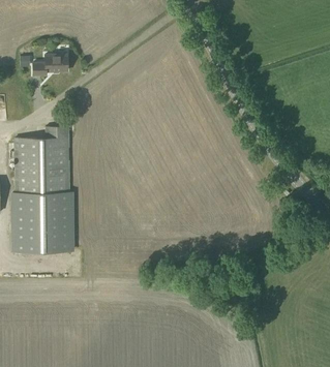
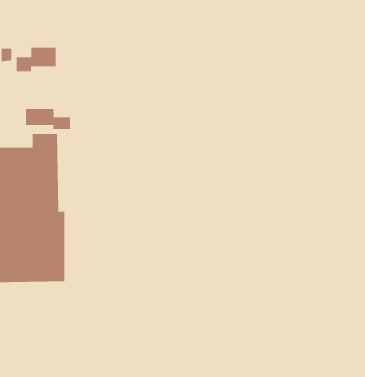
building: none -> [25,108,71,130]

